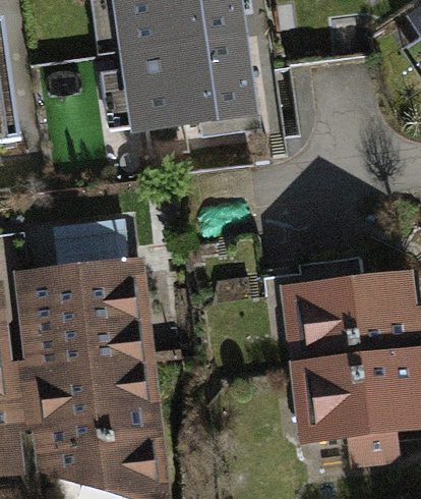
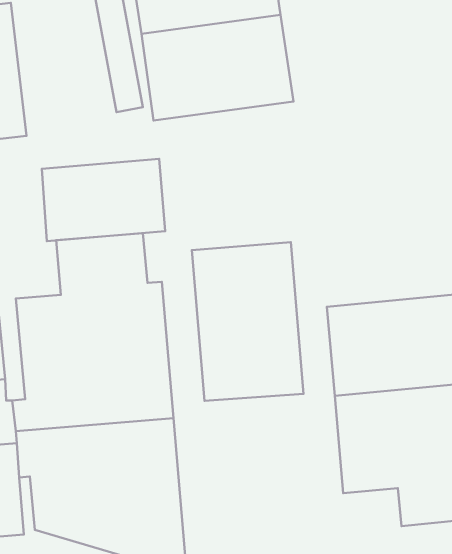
building: none -> [42,159,165,241]
building: none -> [192,242,303,401]

